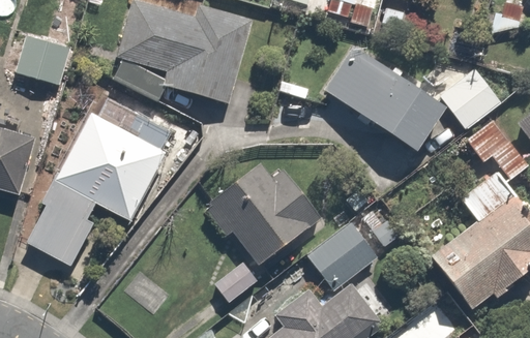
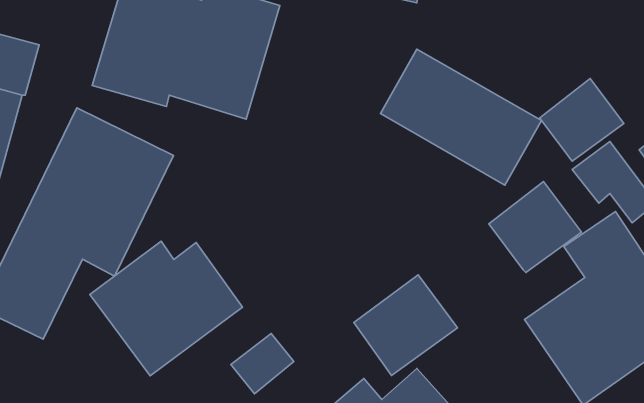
building: none -> [489,182,581,272]
building: [209,164,322,264] -> [90,241,242,376]

